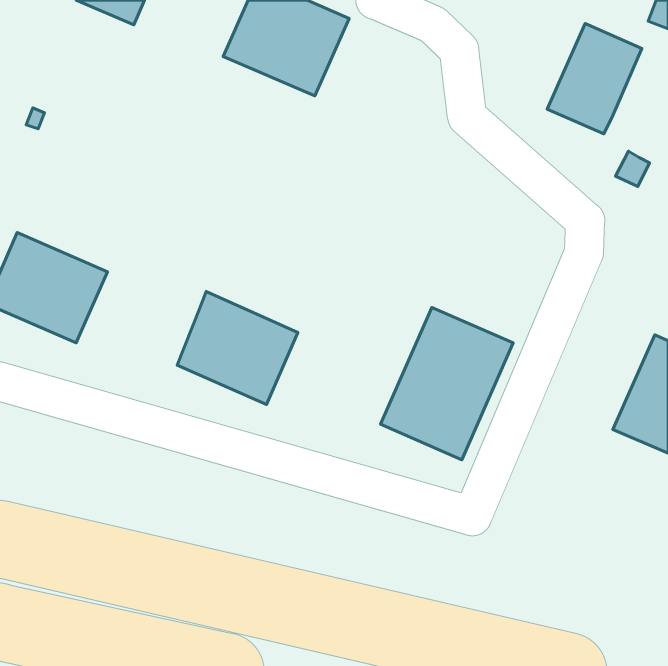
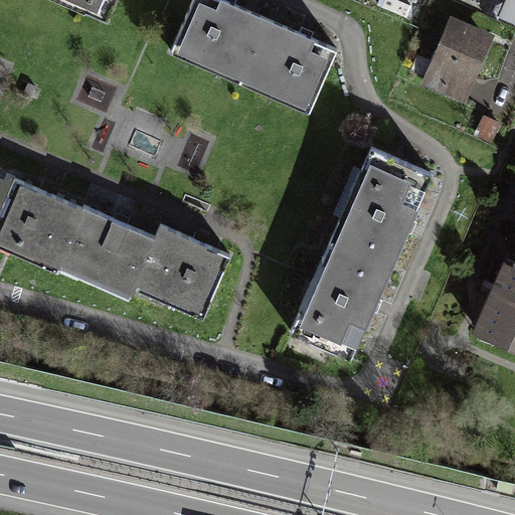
building: none -> [241,18,338,108]
building: none -> [331,150,433,267]
building: none -> [61,210,153,291]

